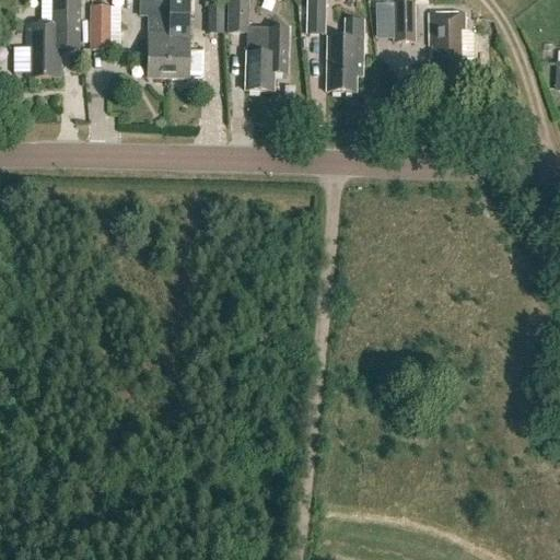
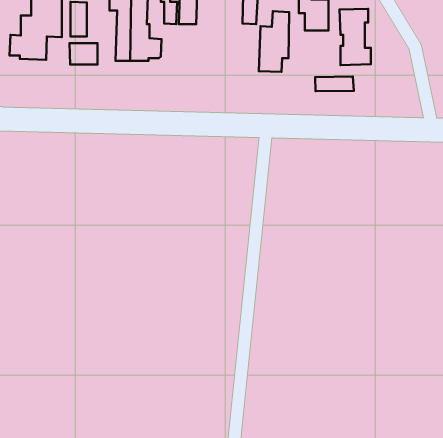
building: [247,25,285,90] -> none
building: none -> [69,43,98,64]
building: none -> [315,77,354,91]

